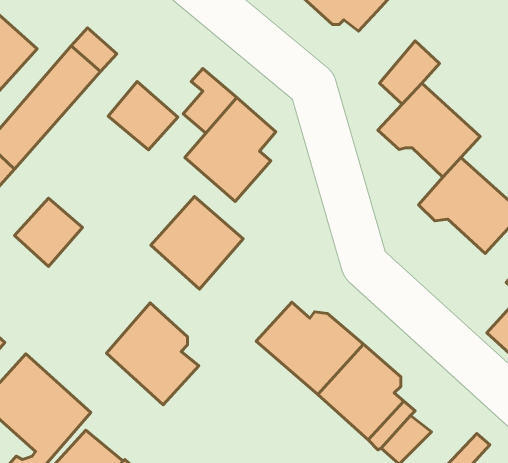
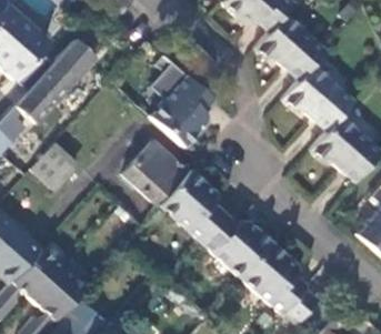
building: none -> [254,12,308,64]
building: [108,82,178,150] -> none
building: [106,303,199,405] -> [160,171,223,241]

